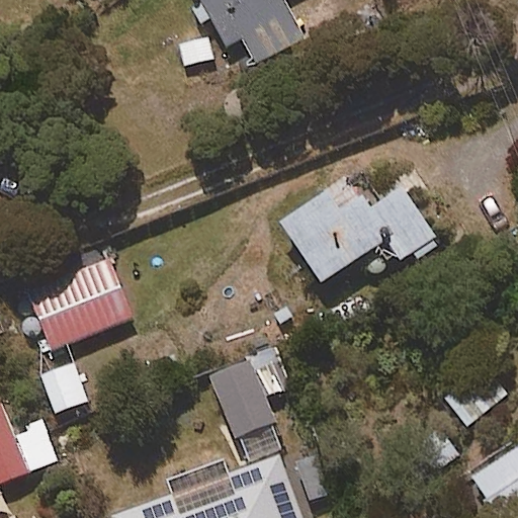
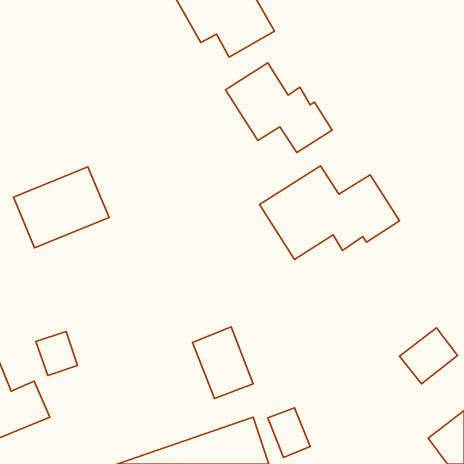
building: none -> [226,63,332,152]
building: [24,260,130,349] -> [13,167,109,248]

